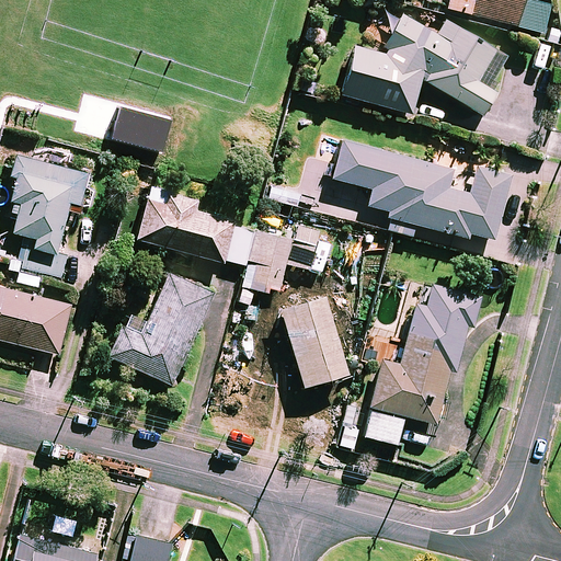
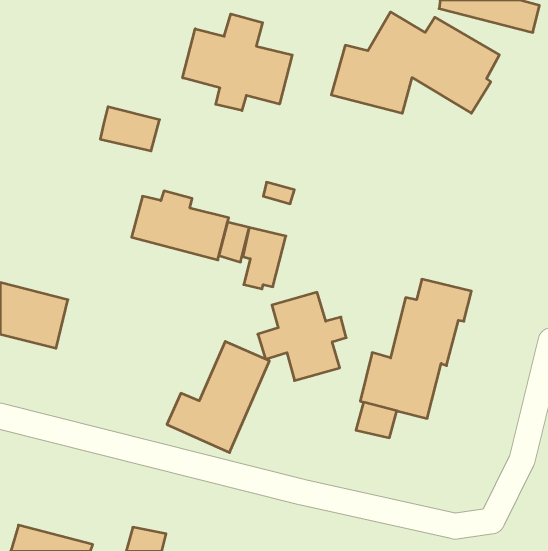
building: none -> [183,14,292,111]
building: [332,140,513,241] -> none
building: [8,158,89,276] -> none
building: [110,273,214,386] -> [167,341,269,453]

